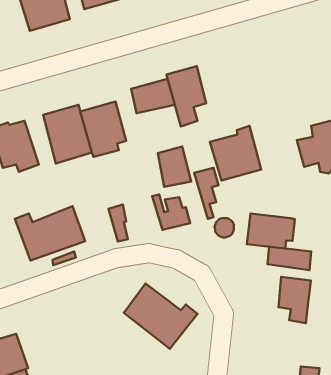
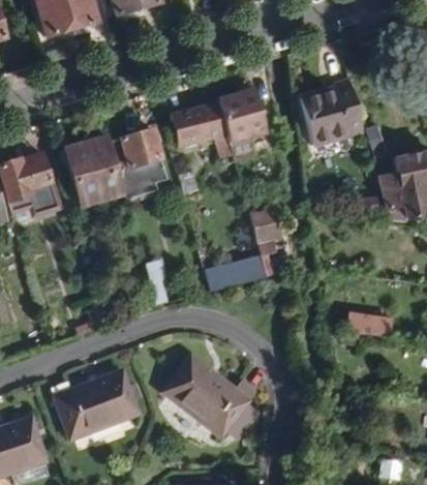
building: [210,126,261,180] -> [301,77,364,144]
building: [158,147,191,187] -> none
building: [15,206,85,261] -> [52,369,139,436]
building: [247,213,295,248] -> none
building: [278,277,311,323] -> none

